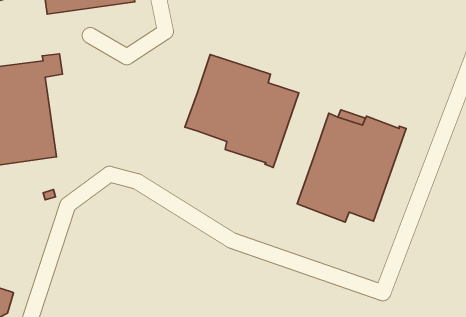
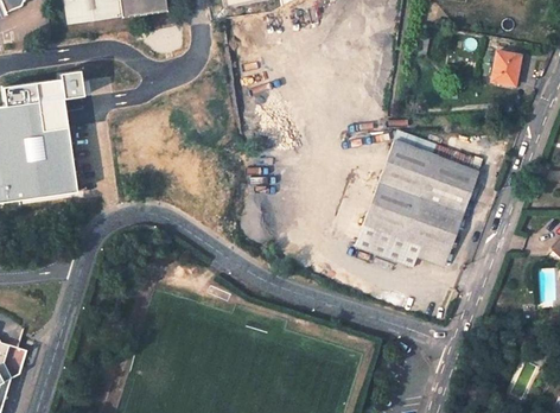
building: none -> [491,51,520,84]
building: [185,55,299,167] -> none

